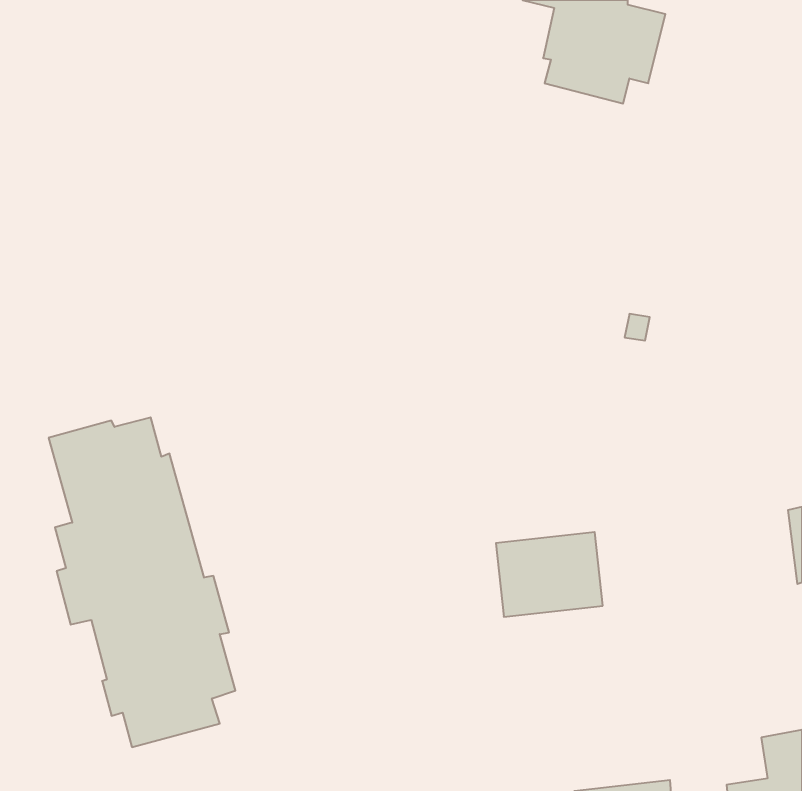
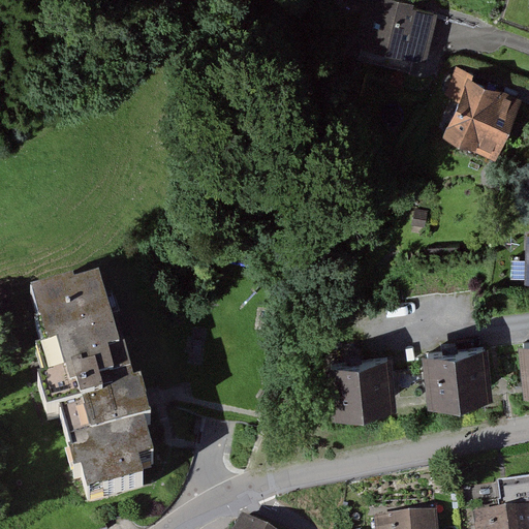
building: none -> [443,70,522,158]
building: none -> [423,346,494,402]

